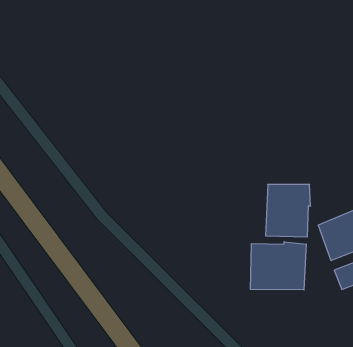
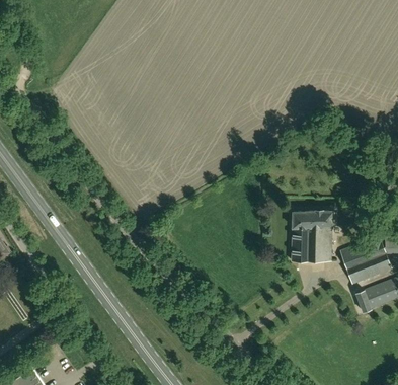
building: [250,242,306,290] -> none

